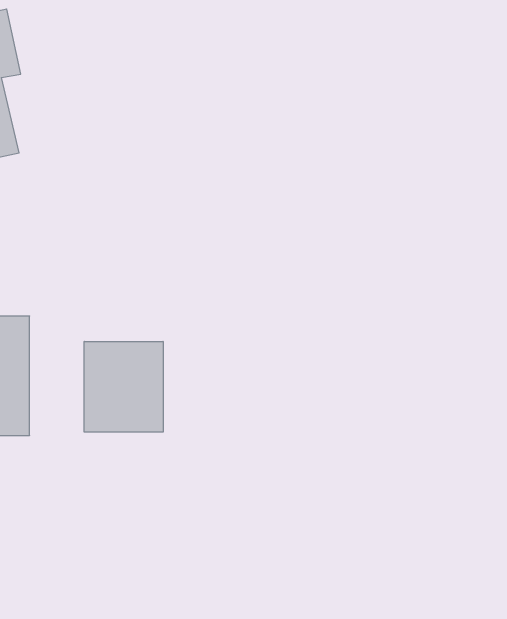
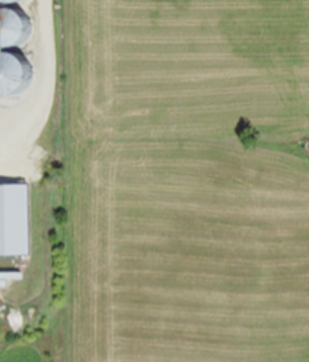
building: [84,341,163,432] -> none

